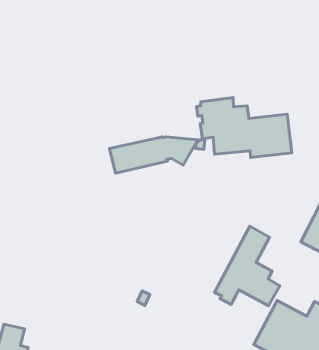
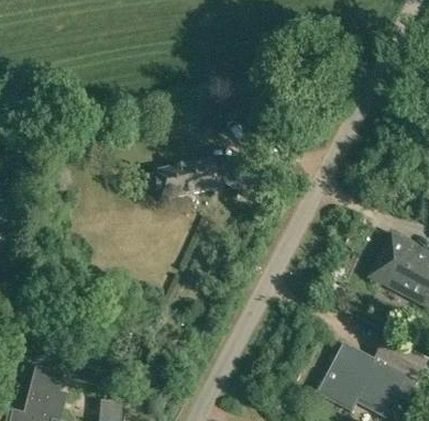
building: [196,98,292,158] -> none
building: [215,226,280,306] -> none

